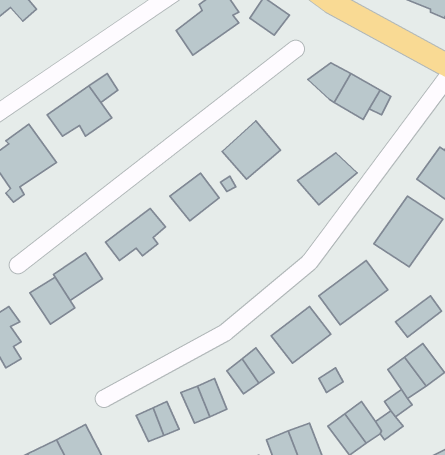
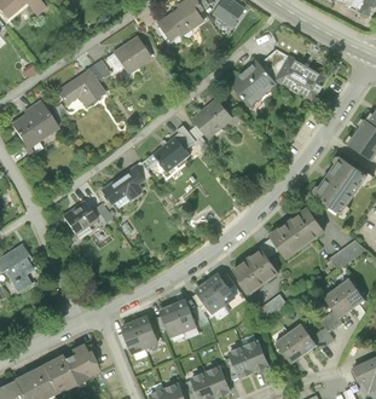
building: none -> [111,37,152,79]
building: [297,153,357,205] -> [230,65,277,106]
building: [30,277,75,324] -> none

